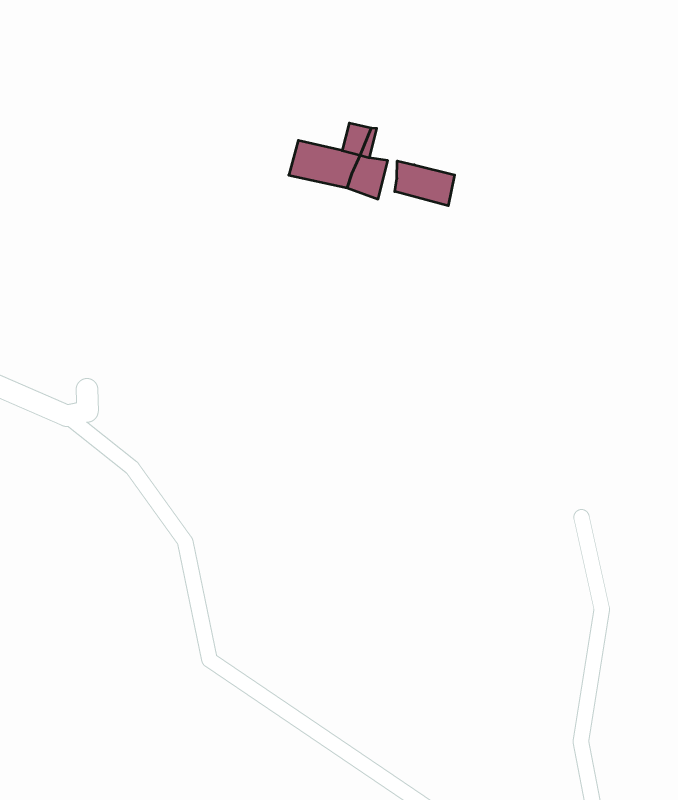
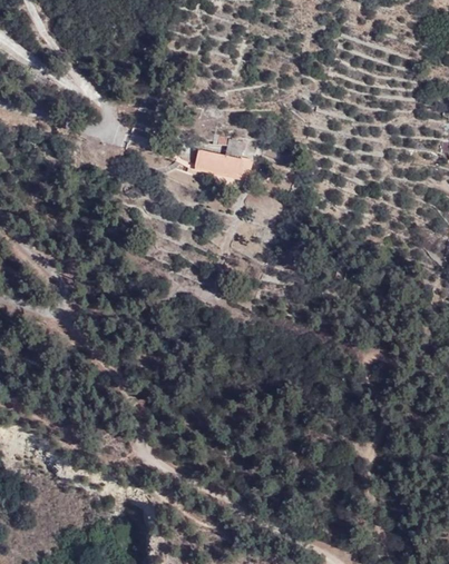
building: [395,161,455,206] -> none

